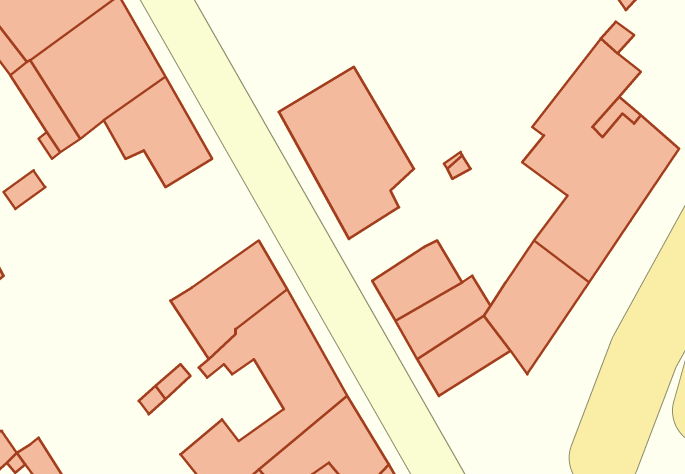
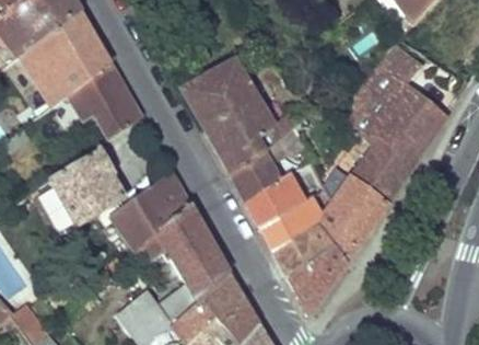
building: none -> [231,137,288,199]
building: none -> [42,149,128,230]
building: none -> [290,245,348,312]

